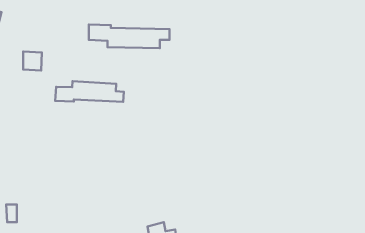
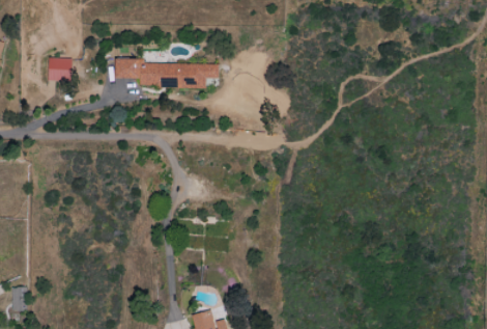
building: [23,52,42,70] -> [49,57,73,81]
building: [55,81,124,102] -> none

